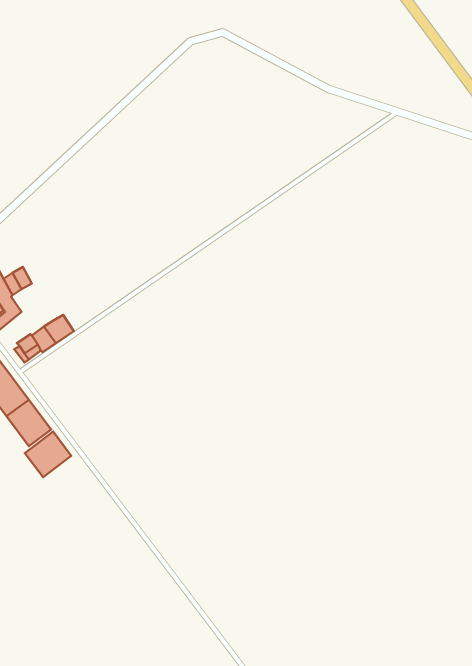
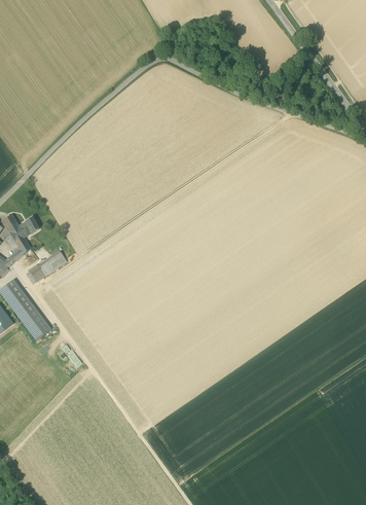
building: [25,432,71,477] -> none

